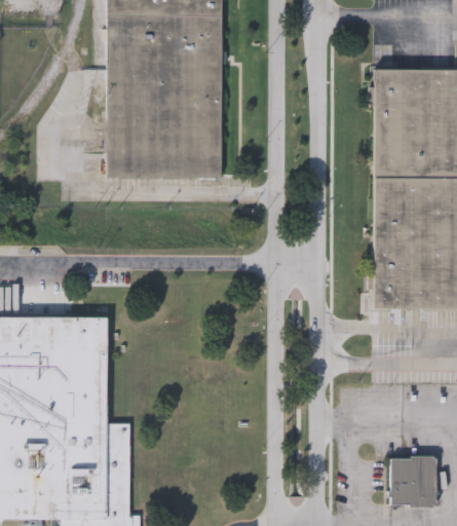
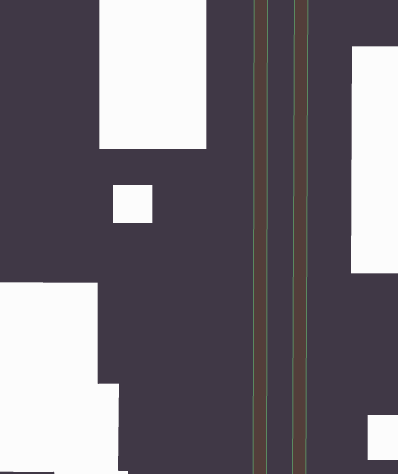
building: none -> [112,184,153,224]

